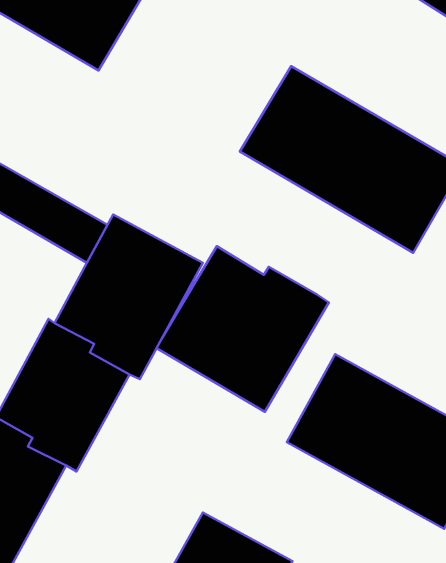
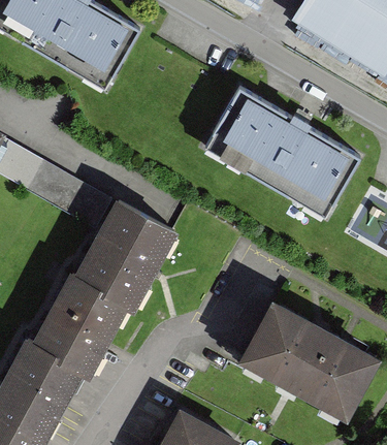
building: [156,246,329,412] -> none

